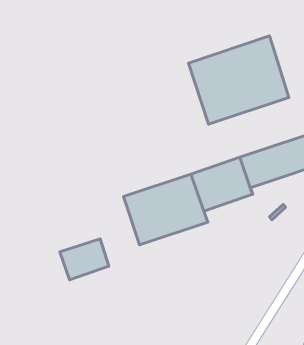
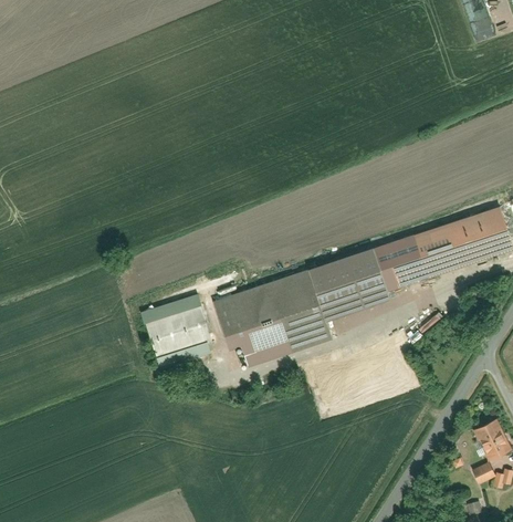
building: [188,36,289,124] -> none
building: [60,239,109,280] -> [144,303,211,359]

